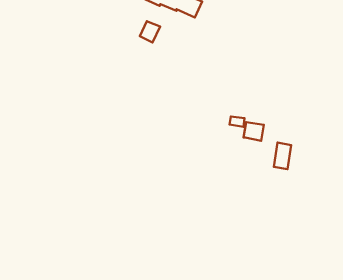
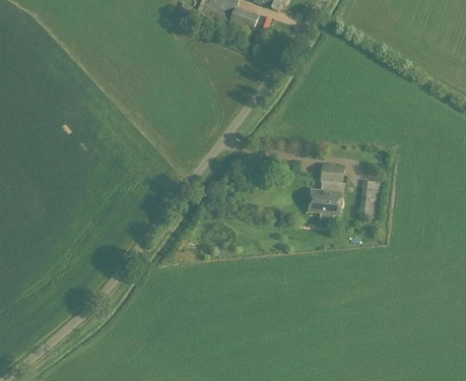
building: [140,21,160,43] -> none
building: none -> [308,188,340,213]

